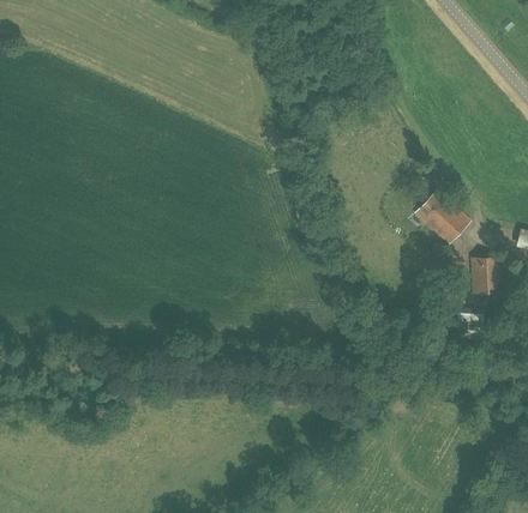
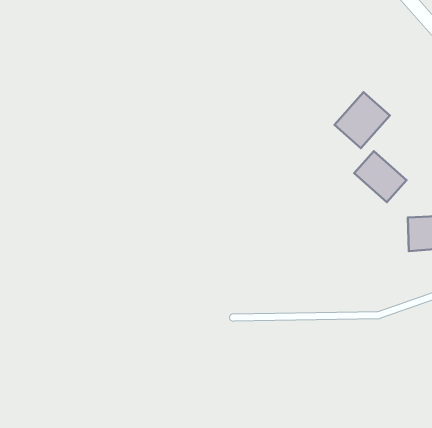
building: none -> [335,92,390,148]

